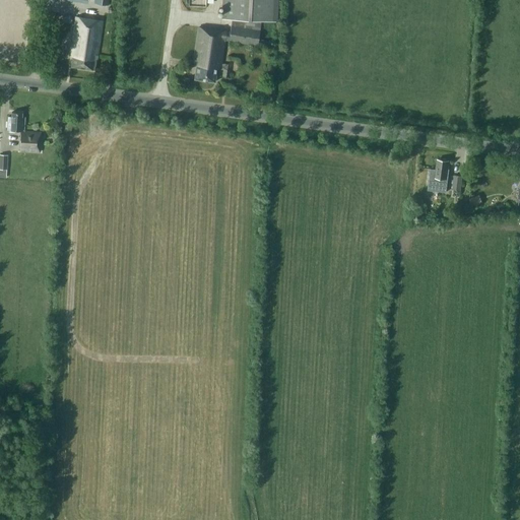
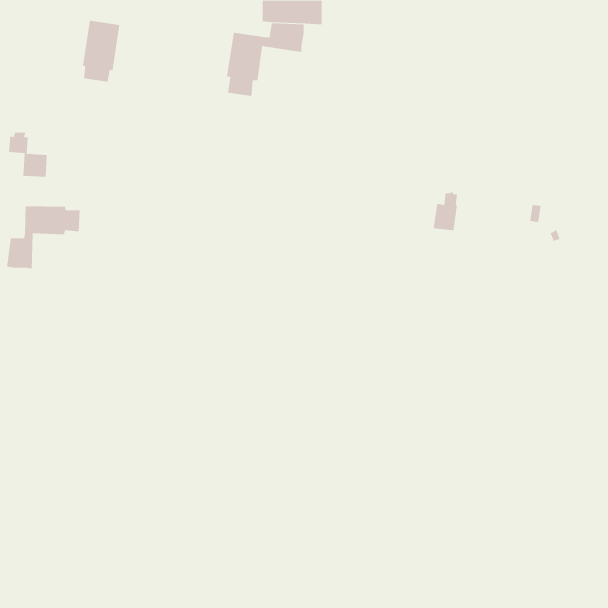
building: [428,158,449,192] -> [433,192,458,231]
building: none -> [6,205,80,269]

